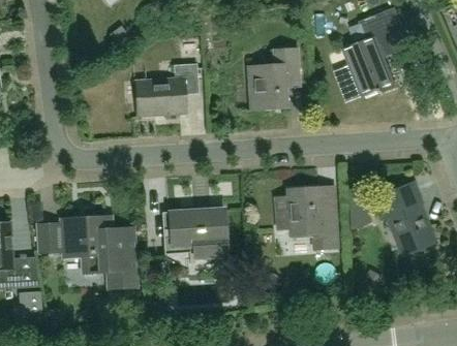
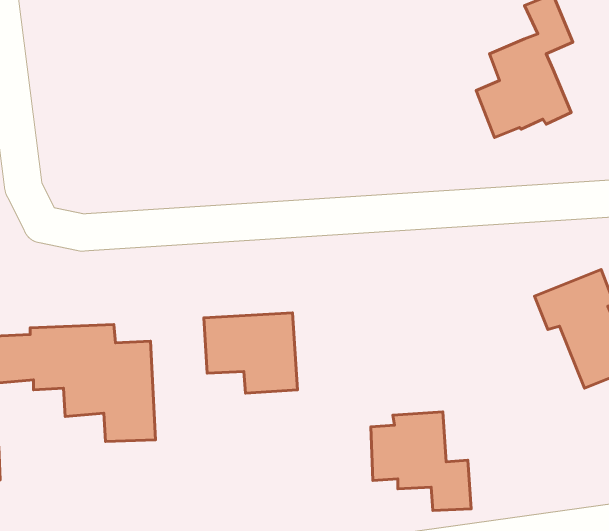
building: [247,50,299,109] -> none
building: [138,64,199,117] -> none
building: [276,187,338,248] -> [371,412,471,510]

